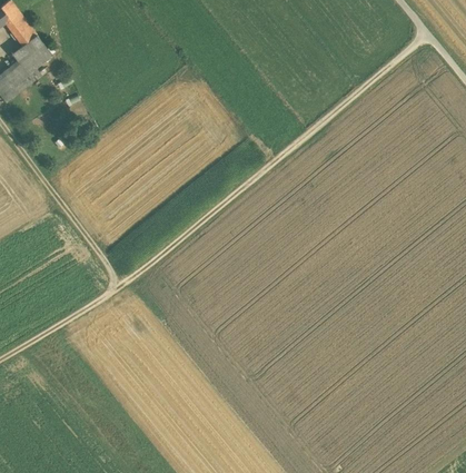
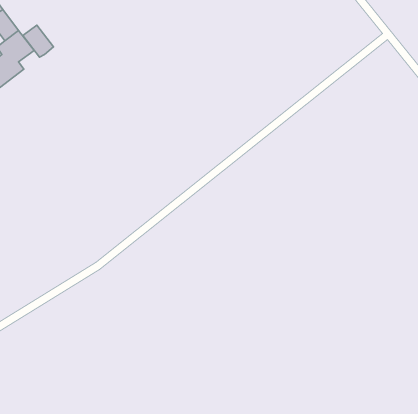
building: none -> [23,25,53,57]

